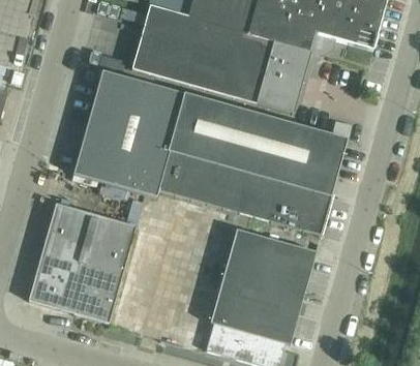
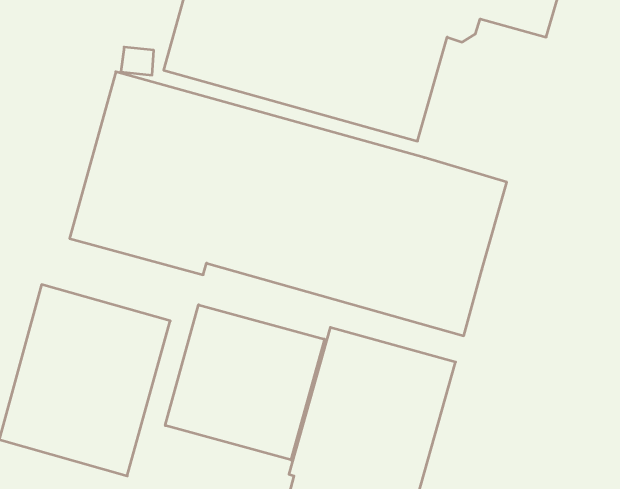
building: none -> [165,305,324,460]

